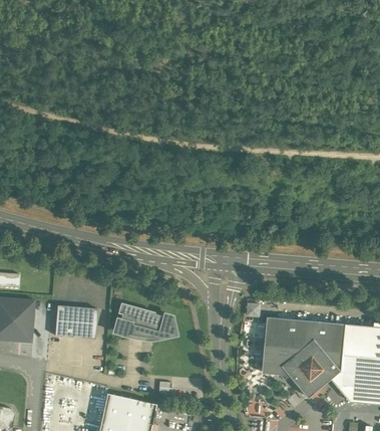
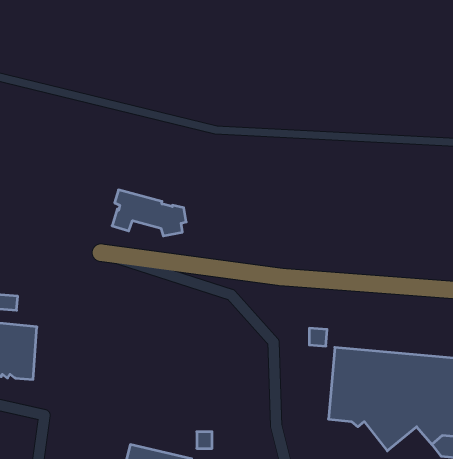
building: [114,302,172,339] -> [112,190,186,236]
building: [54,305,96,339] -> none

